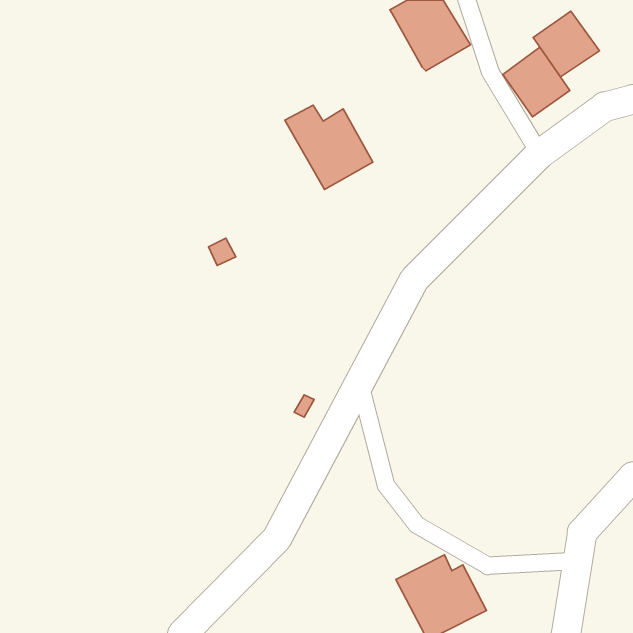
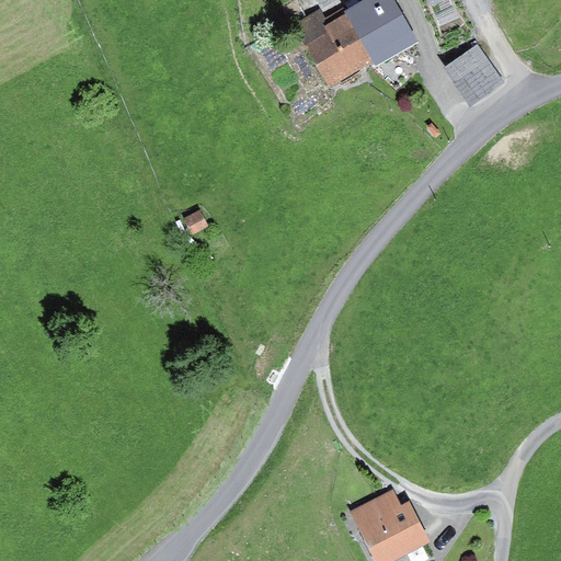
building: [533,11,599,77] -> none
building: [285,105,373,190] -> [295,10,373,84]

